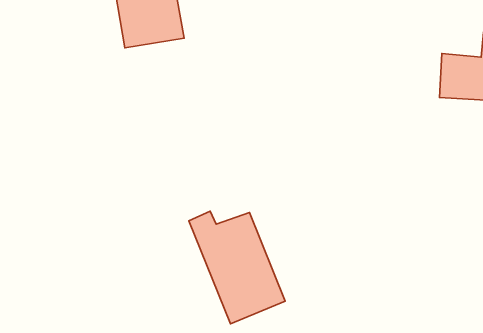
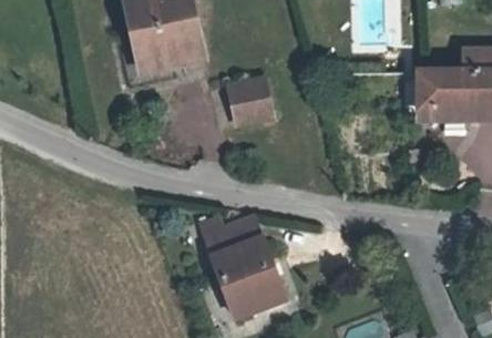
building: none -> [215,79,262,123]

